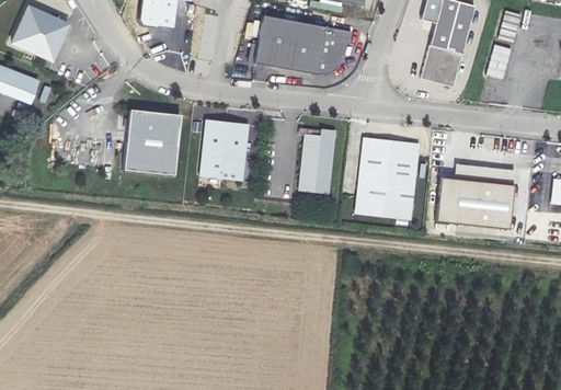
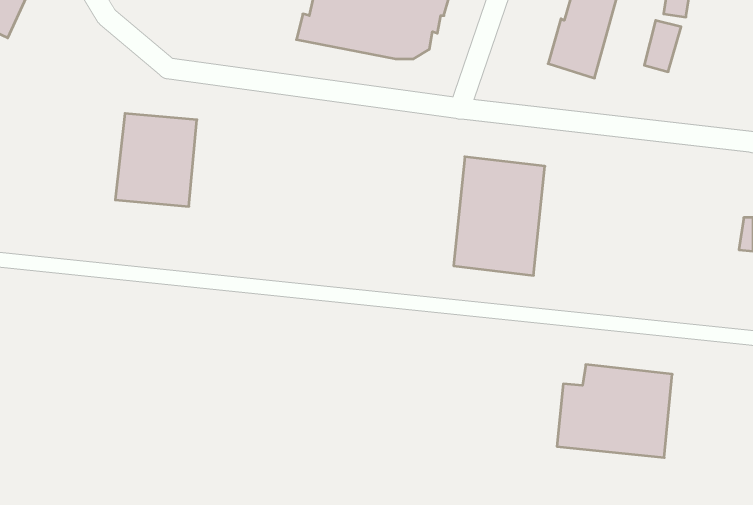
building: [201,122,248,180] -> none
building: [299,130,335,192] -> none
building: [437,167,516,230] -> [557,365,672,458]

